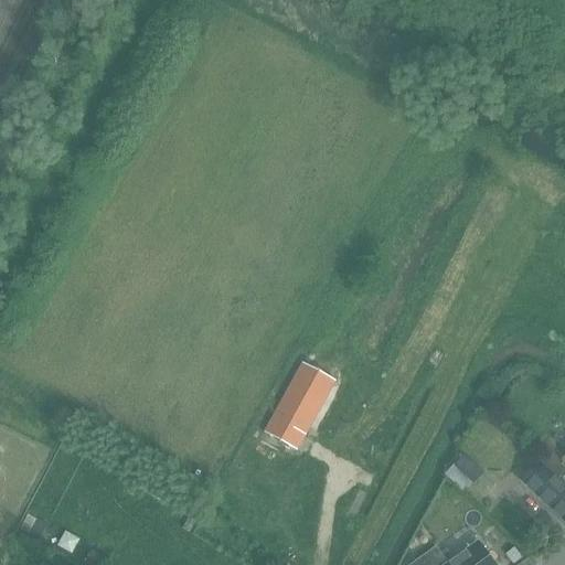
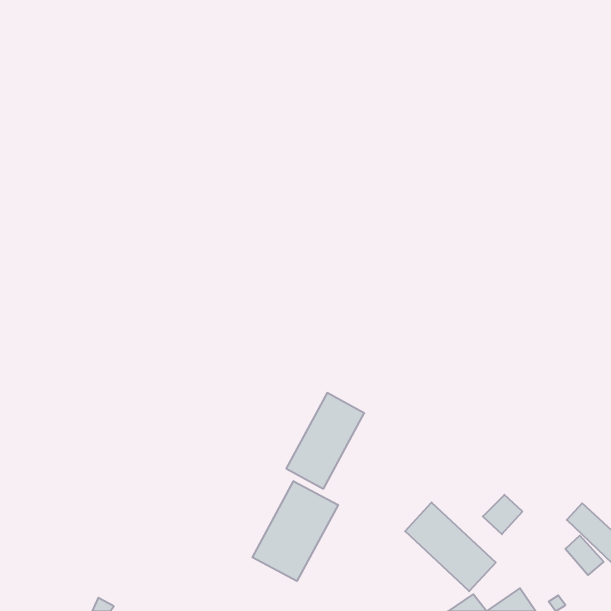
building: none -> [252,481,338,581]
building: none -> [405,502,496,591]

